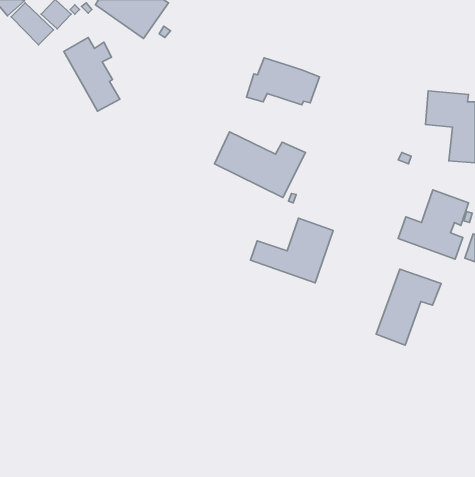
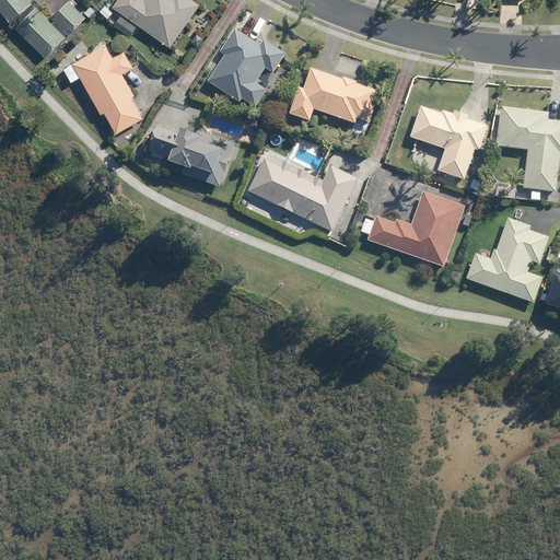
building: none -> [205,27,283,106]
building: none -> [409,106,480,179]
building: none -> [149,127,234,187]
building: [251,218,333,283] -> [366,190,463,266]
building: [376,269,441,345] -> none

